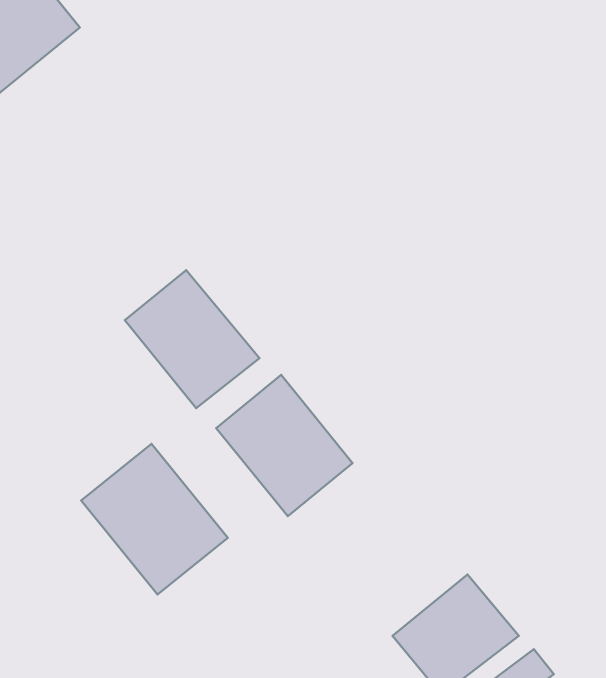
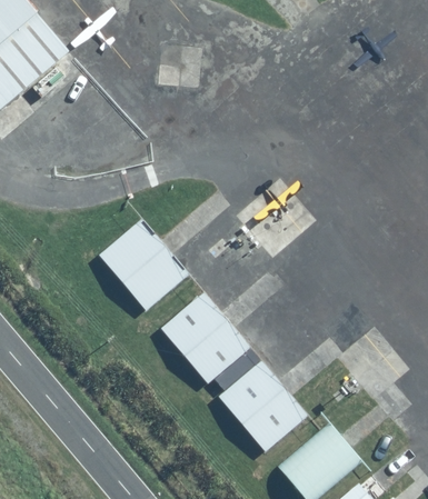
building: [81,444,228,594] -> none
building: none -> [219,359,310,451]

